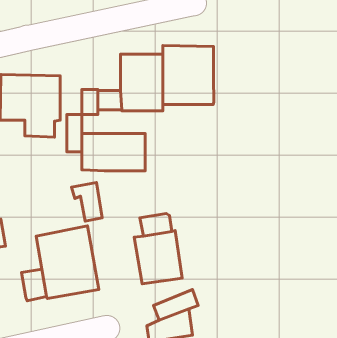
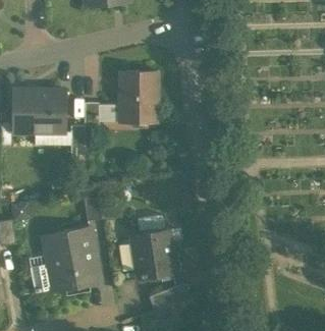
building: [163,46,214,105] -> none
building: [82,134,145,171] -> none

